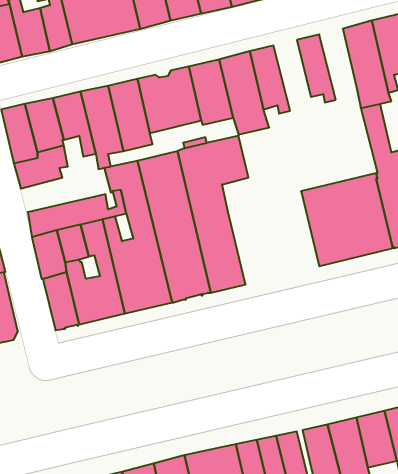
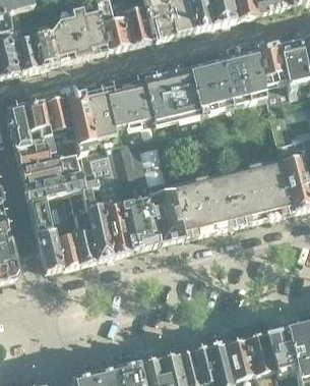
building: none -> [239,49,266,101]
building: none -> [205,57,233,109]
building: none -> [20,154,74,183]
building: none -> [172,168,239,236]

